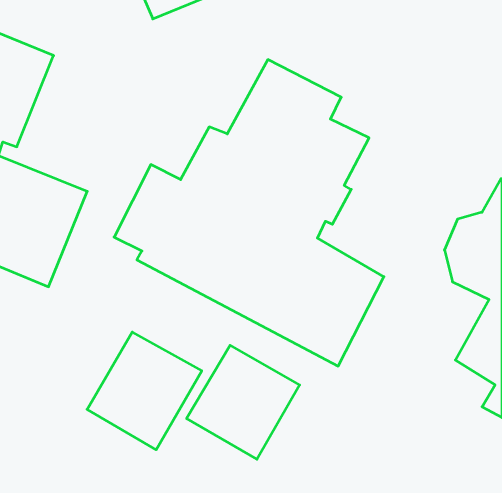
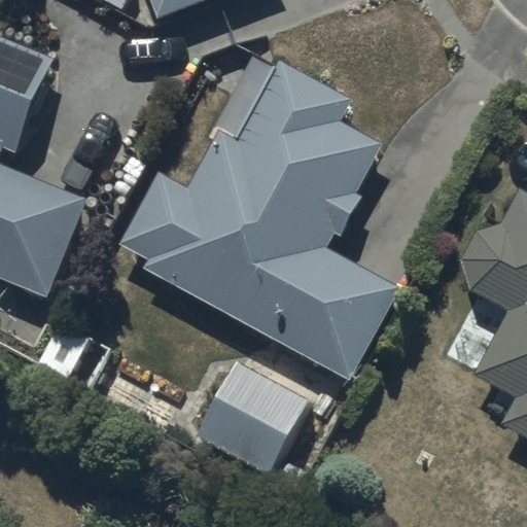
building: [87,332,202,450] -> none

